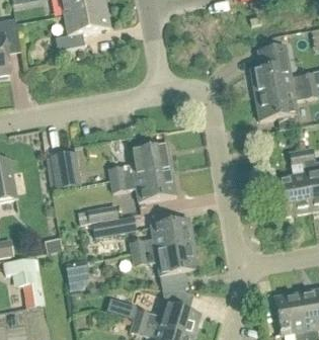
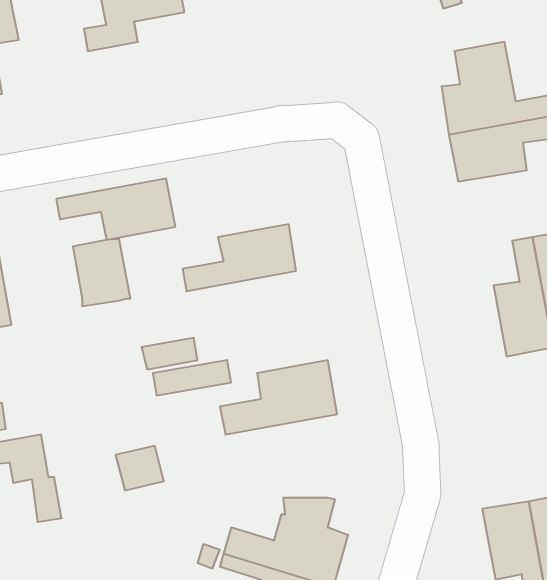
building: [111,168,176,201] -> [56,178,175,240]
building: [133,246,197,291] -> none

